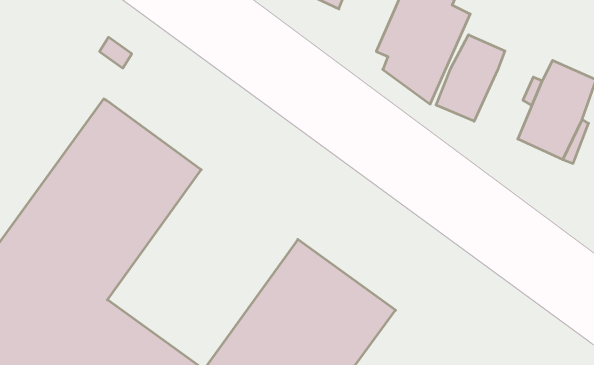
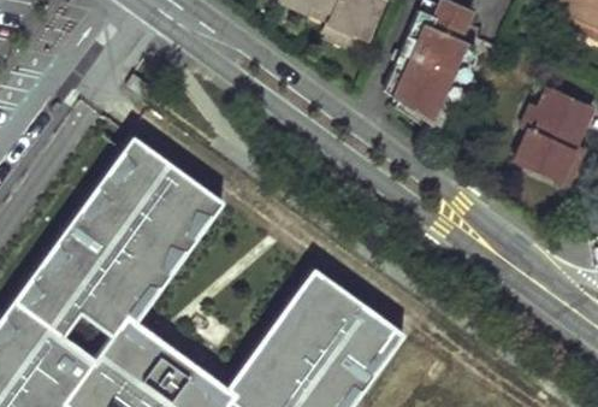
building: [436,35,505,121] -> none

